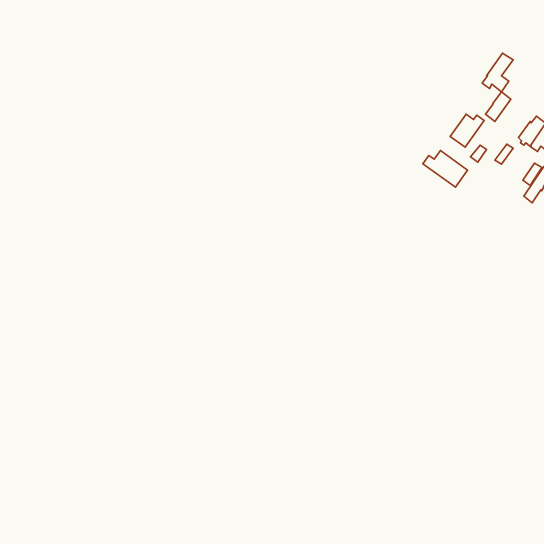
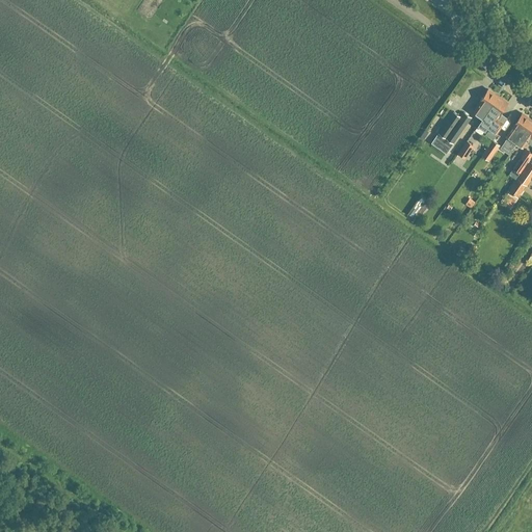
building: [482,53,513,92] -> [479,98,509,135]
building: [423,151,468,187] -> none

